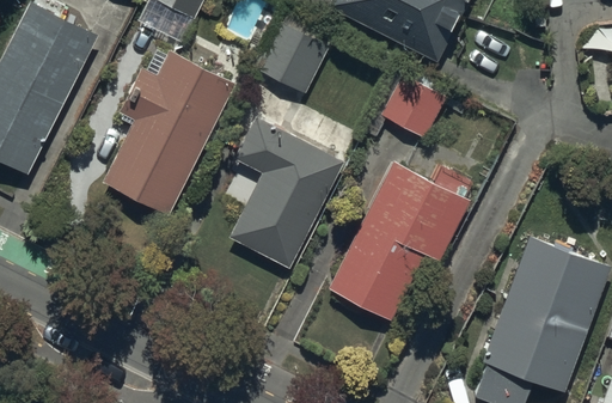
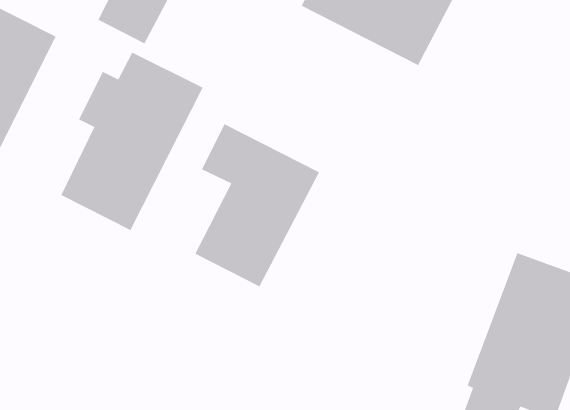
building: [255,19,330,92] -> none
building: [380,73,446,138] -> none
building: [328,161,472,322] -> none

